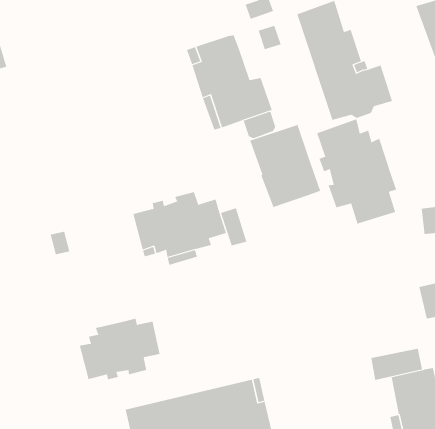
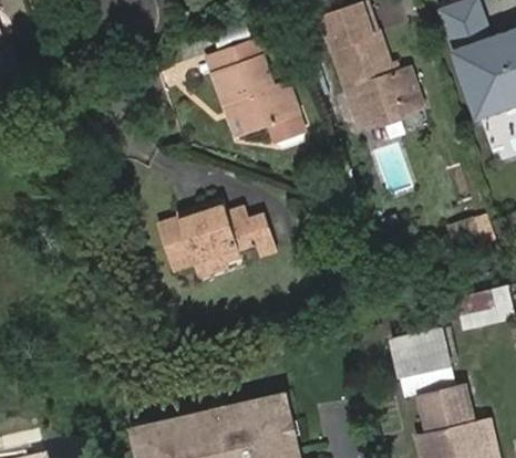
building: [316,118,397,224] -> none
building: [250,124,321,208] -> none
building: none -> [391,329,448,373]
building: [79,318,160,380] -> none

